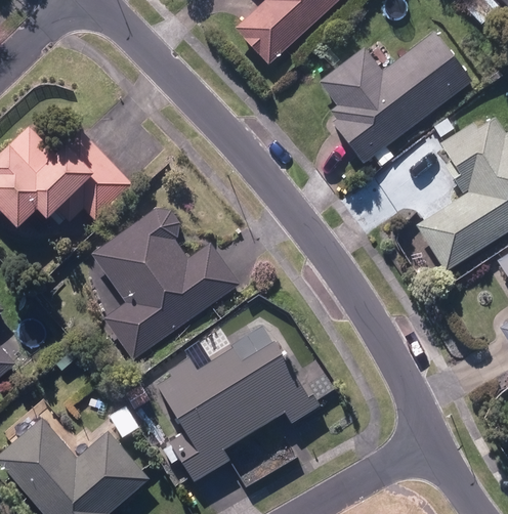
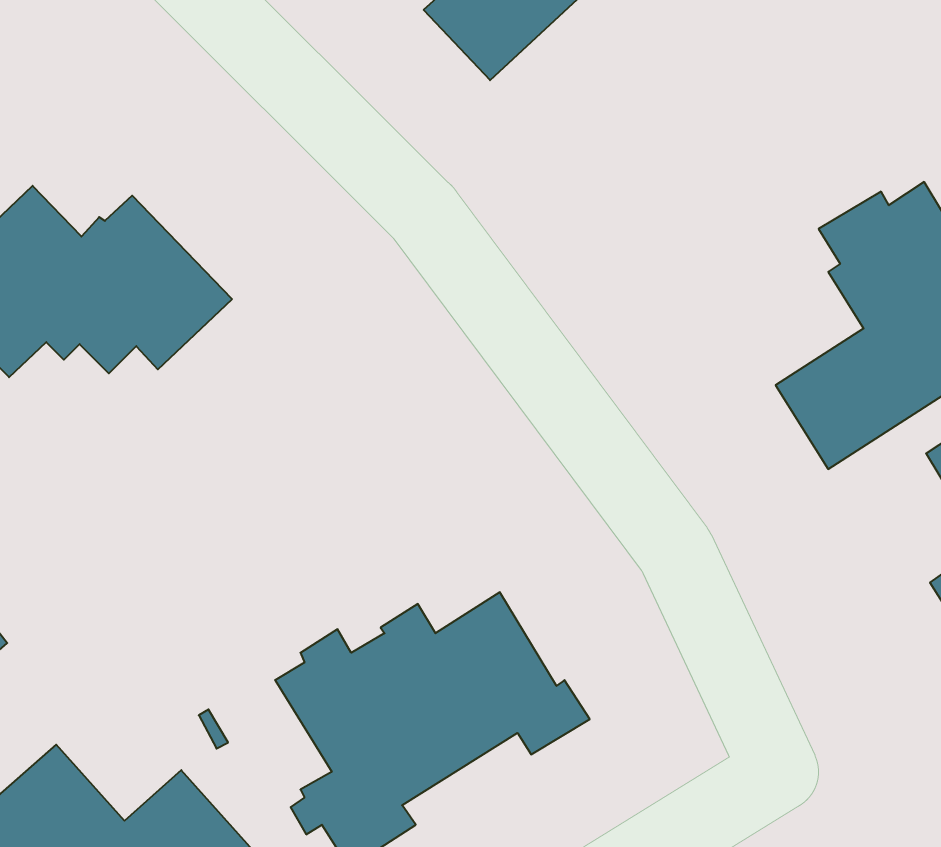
building: [319,34,472,165] -> none
building: [91,206,240,359] -> none

